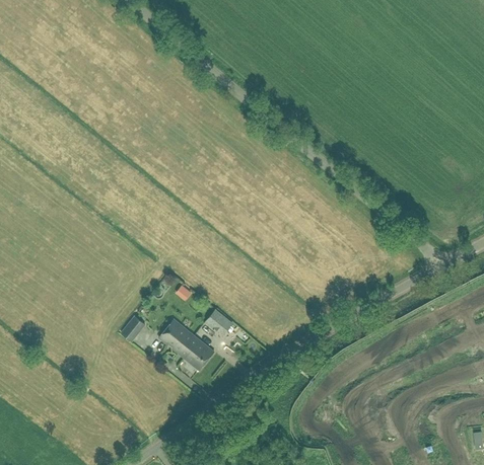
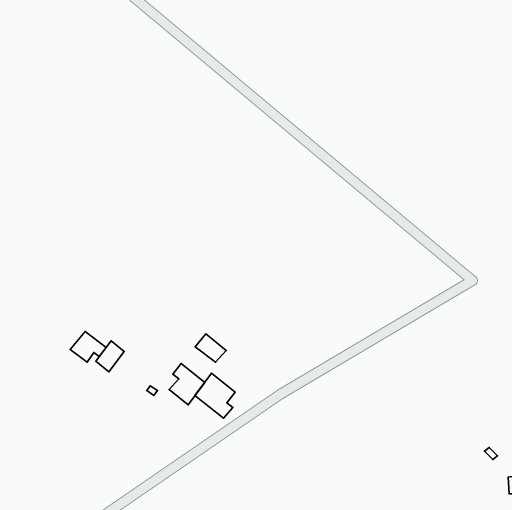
building: none -> [70,331,106,362]
building: [159,319,194,358] -> [195,373,235,418]

